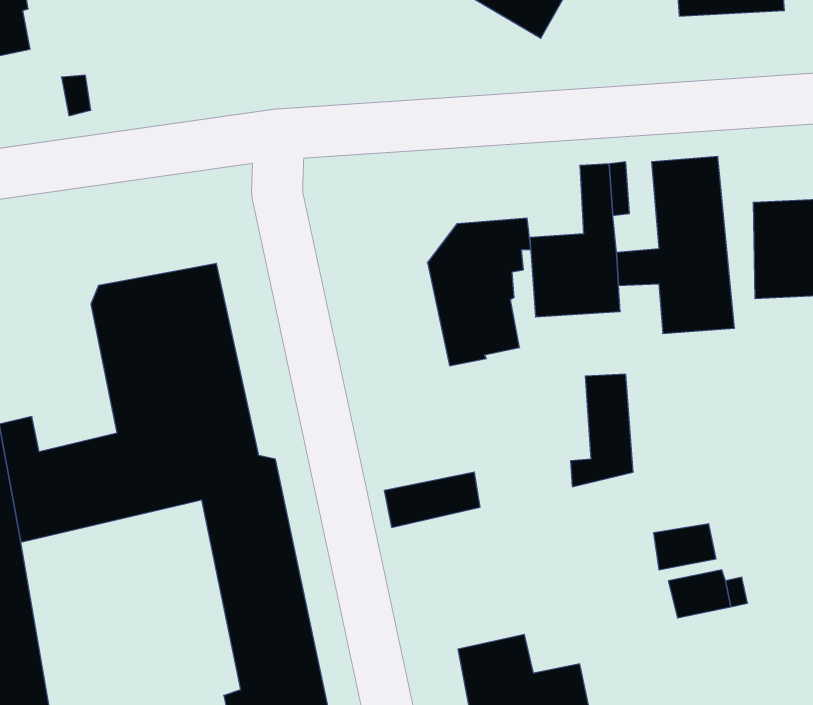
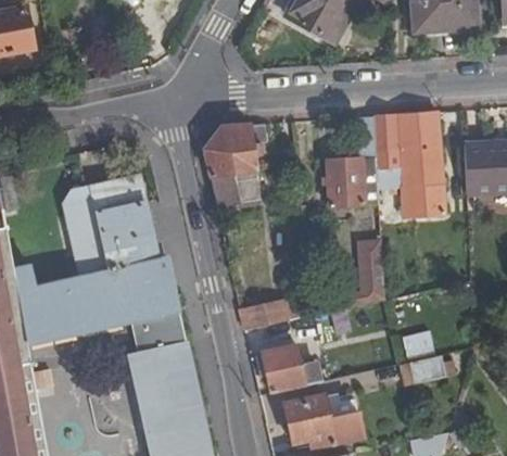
building: [427,218,531,366] -> [204,124,265,211]
building: none -> [261,344,319,392]

